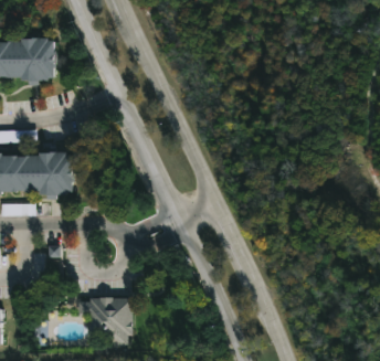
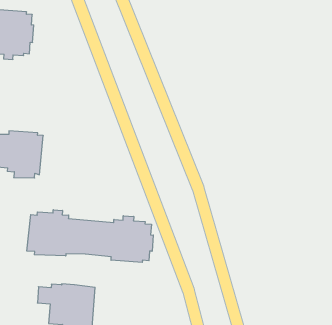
building: none -> [27,210,153,262]

